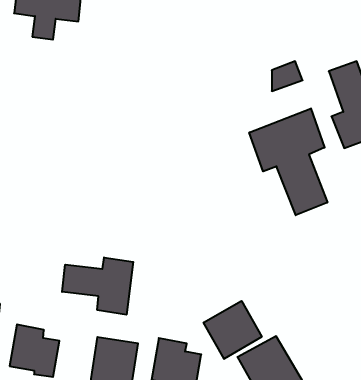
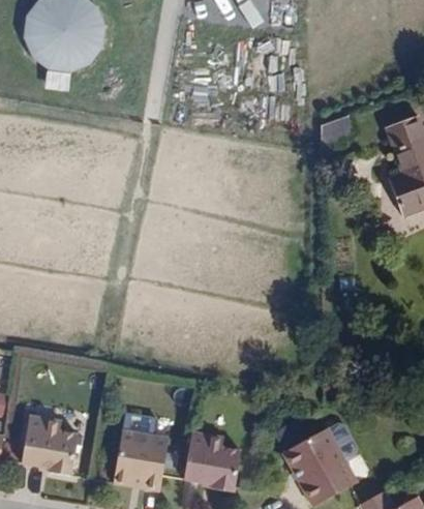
building: [249,108,327,215] -> none
building: [62,257,133,315] -> none
building: [204,301,262,359] -> none

